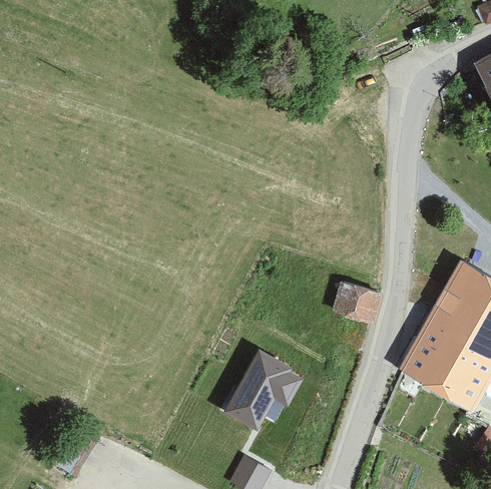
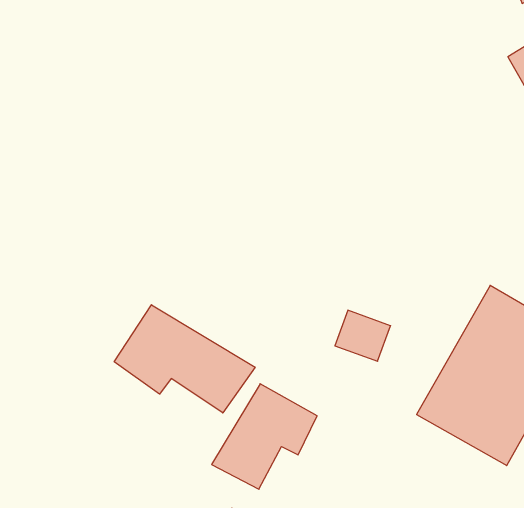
building: none -> [114,305,255,413]

